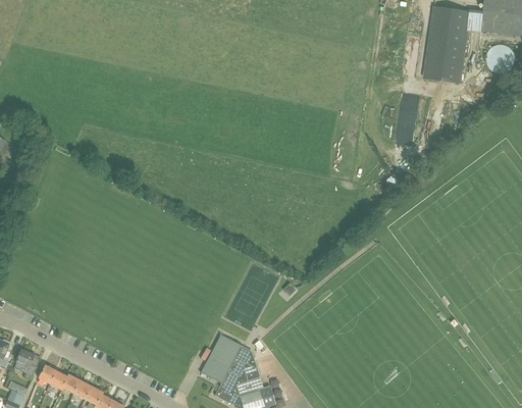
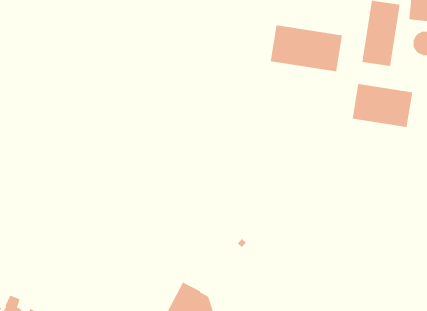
building: none -> [270,24,342,72]
building: none -> [352,83,413,128]

